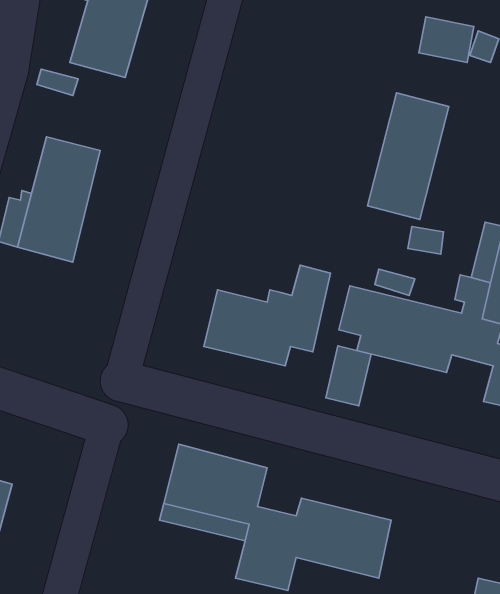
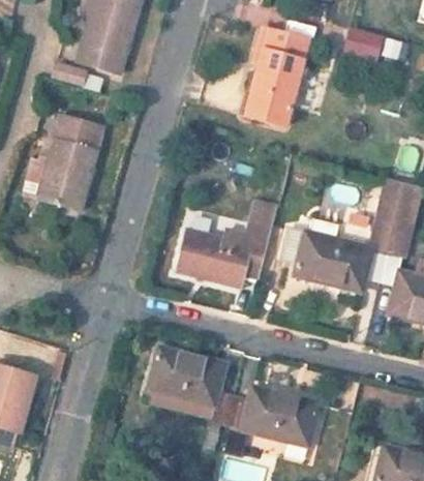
building: [367,93,449,220] -> [246,31,307,126]
building: [326,346,371,406] -> none

